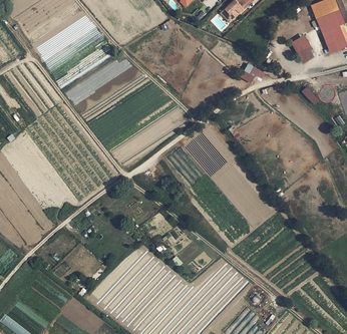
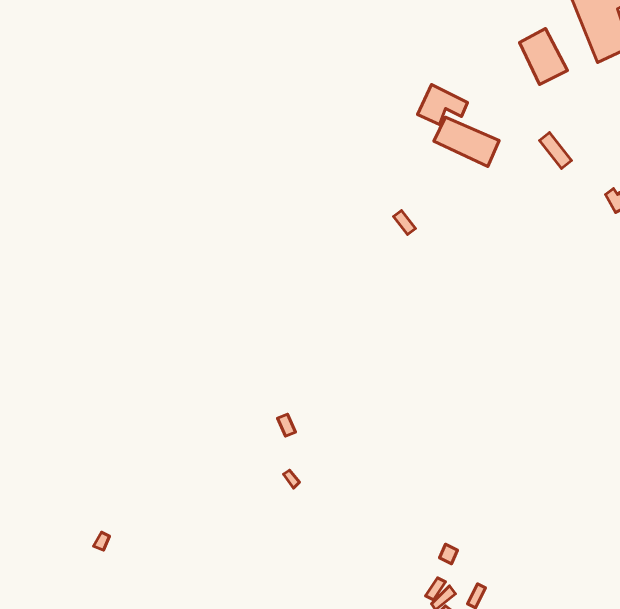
building: none -> [434,117,499,167]

